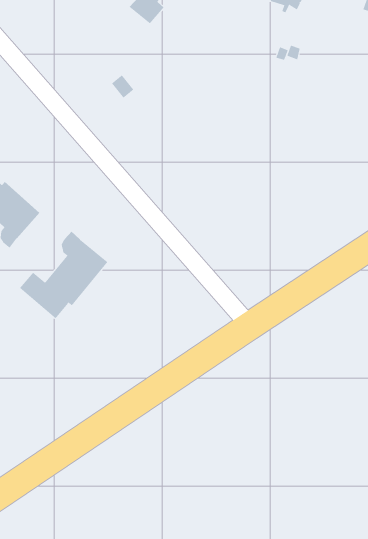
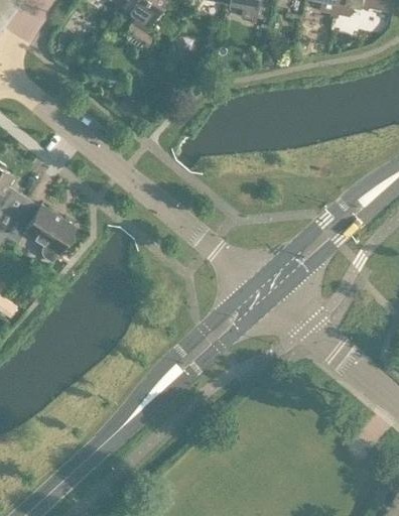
building: [19,231,108,319] -> none

